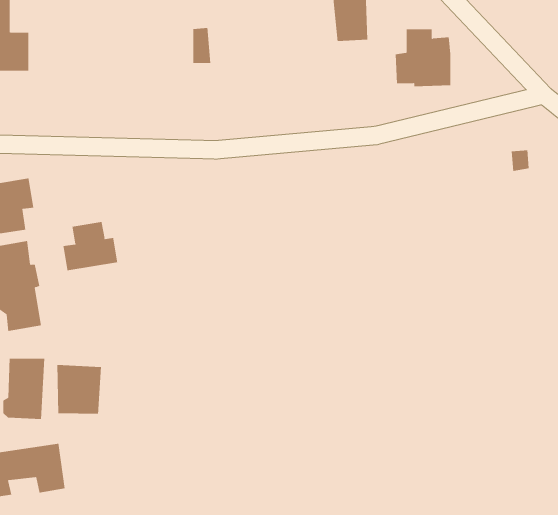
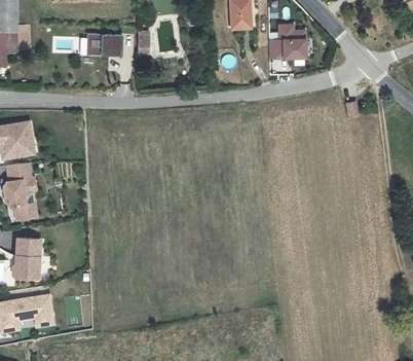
building: none -> [84,35,121,57]
building: [63,221,118,271] -> none
building: [57,364,101,415] -> none

